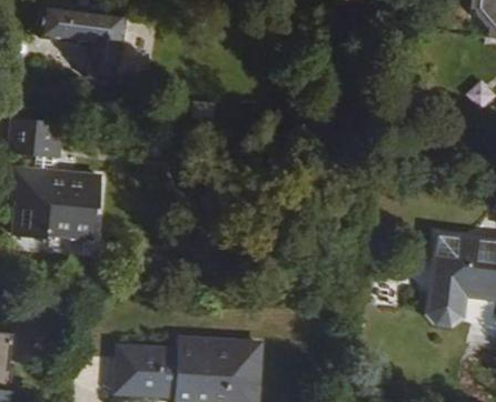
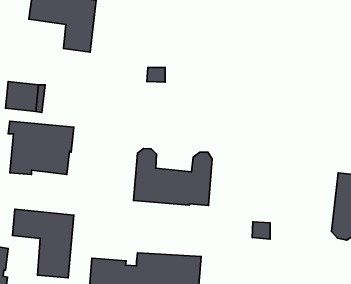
building: none -> [134,149,212,206]
building: none -> [12,209,74,278]

